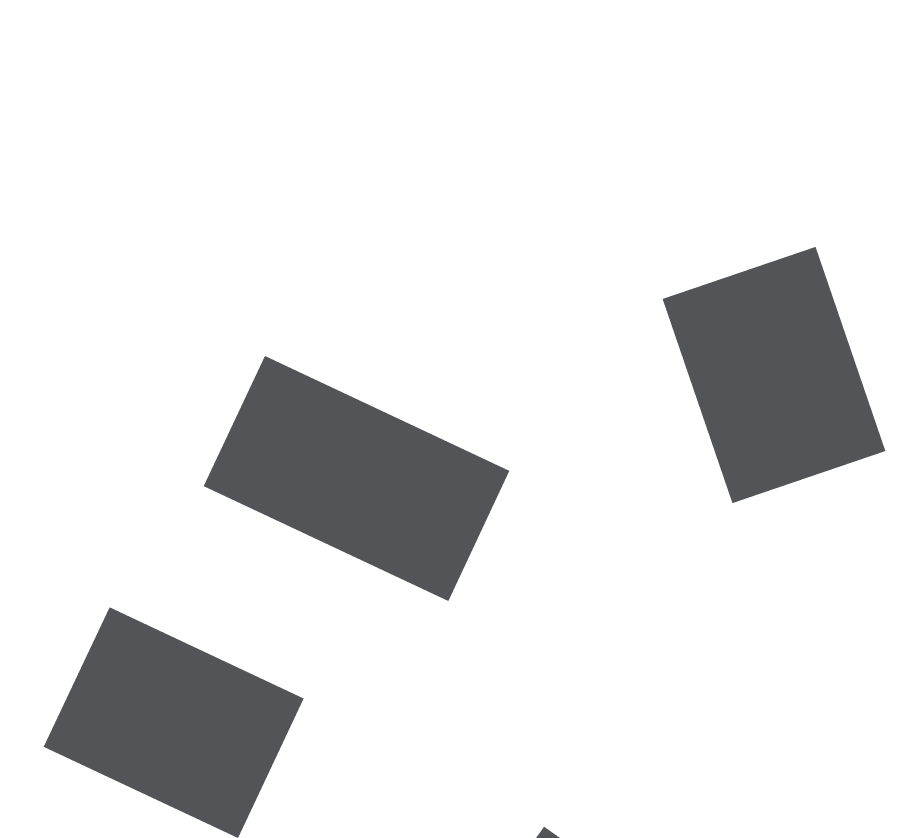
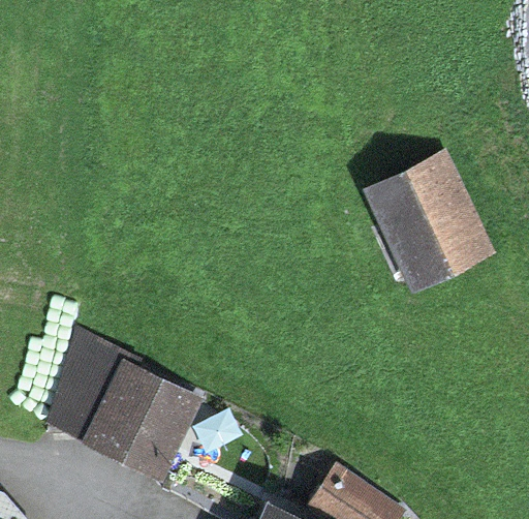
building: [203,355,511,602] -> none

